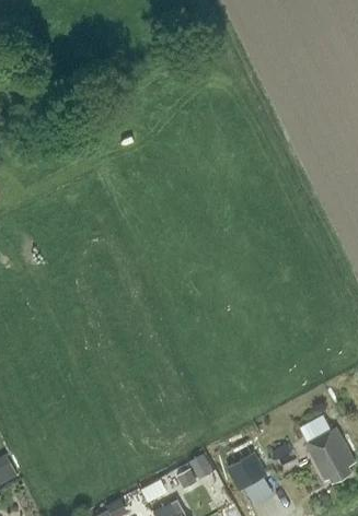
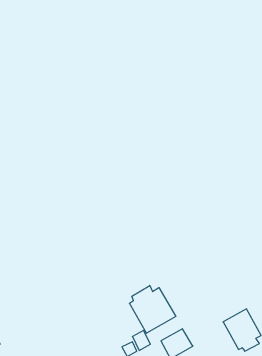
building: none -> [129,285,176,333]

